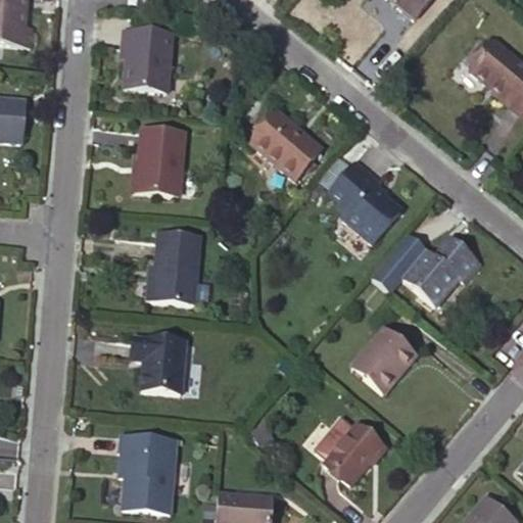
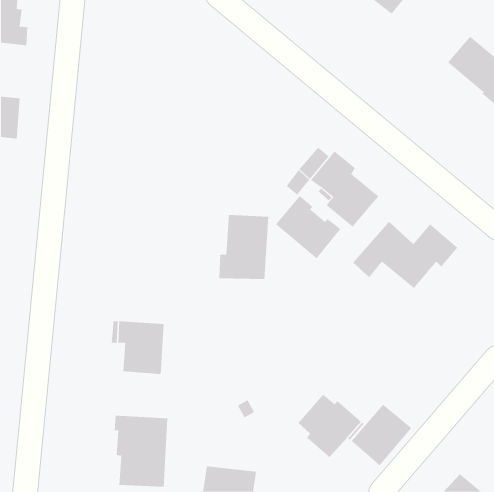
building: [120,34,169,95] -> none
building: [251,111,321,179] -> [275,195,341,259]
building: [134,128,180,193] -> none
building: [146,234,199,302] -> [219,214,269,280]
building: [353,327,418,392] -> [351,404,412,466]

